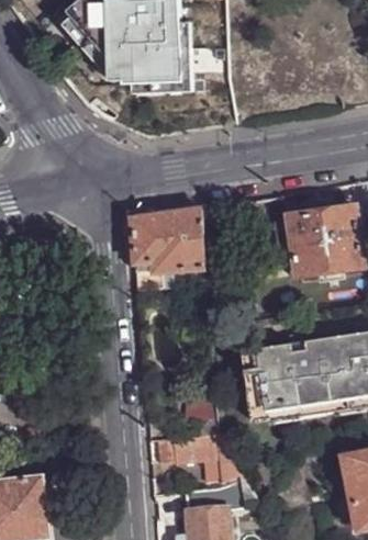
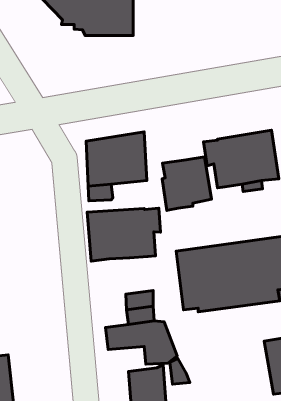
building: none -> [162,157,212,210]
building: none -> [87,208,161,261]

